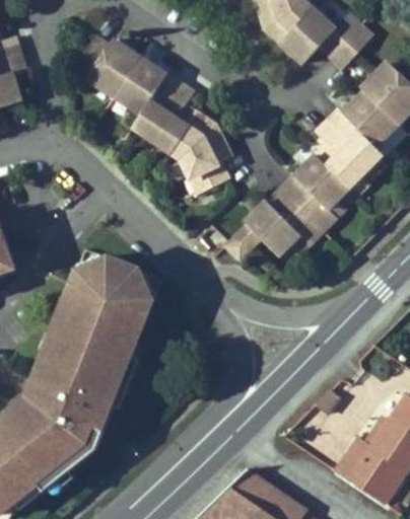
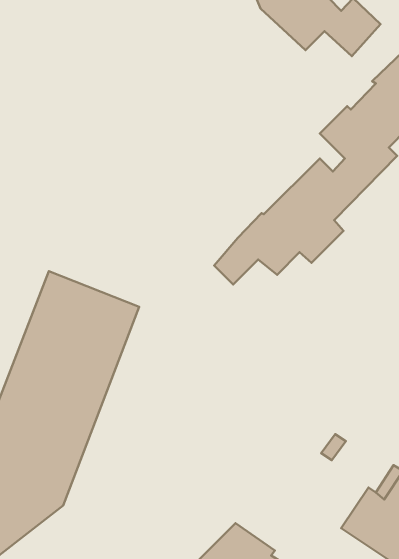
building: [73,38,227,194] -> none

